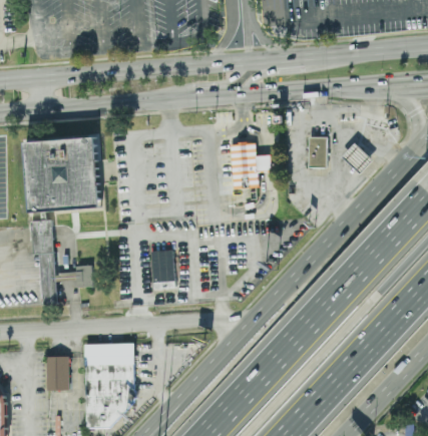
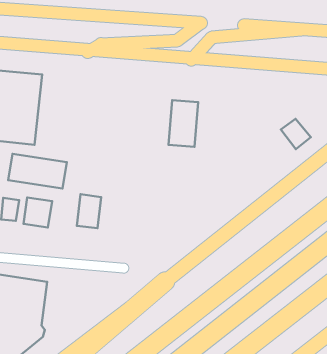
building: [308,137,327,167] -> none
building: none -> [8,154,67,188]
building: none -> [24,197,52,228]

